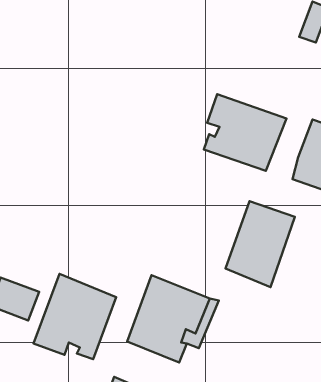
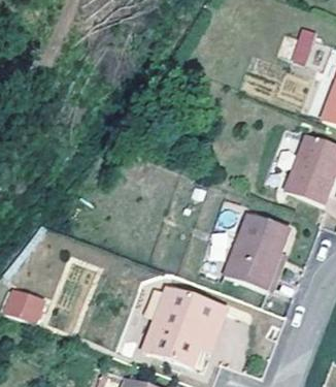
building: [204,94,287,171] -> none
building: [34,274,116,359] -> none

